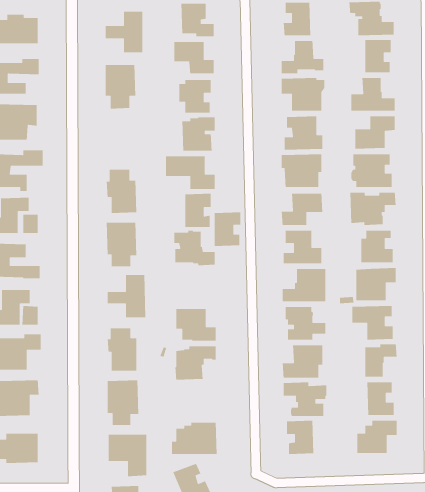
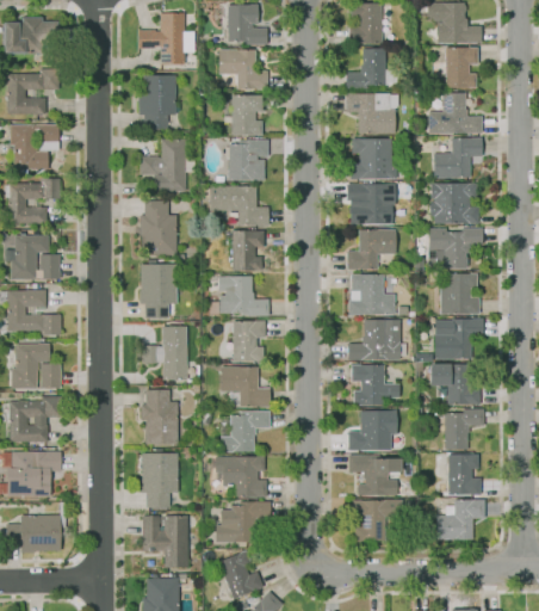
building: none -> [138,138,186,190]
building: [214,212,241,247] -> [234,320,266,362]
building: none -> [216,456,268,496]

